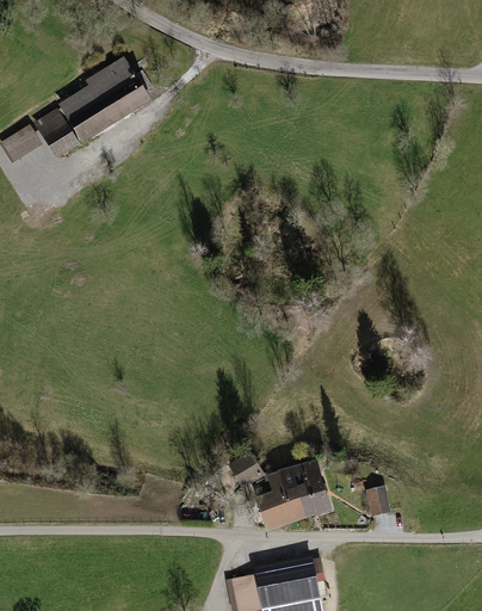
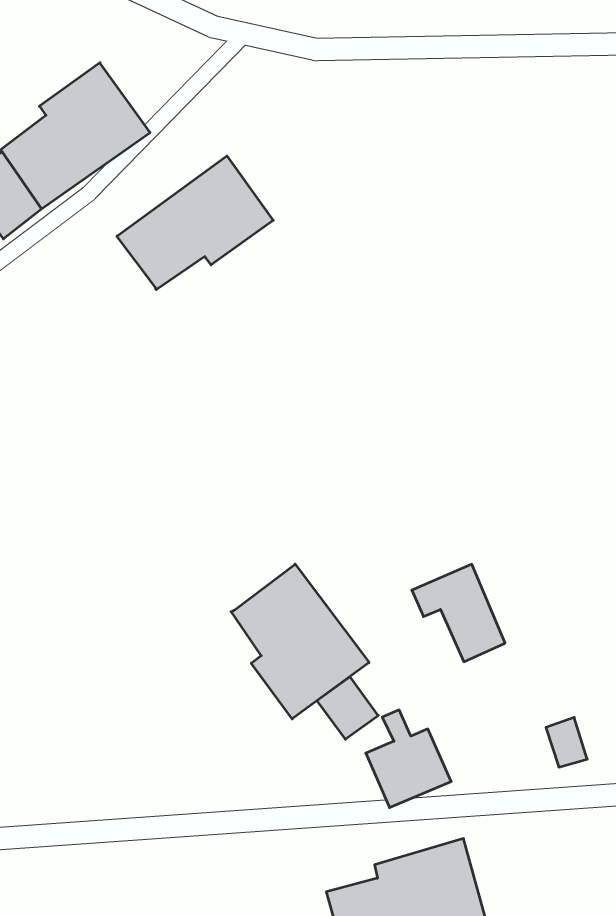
building: none -> [117,156,273,290]
building: none -> [231,564,369,719]
building: [277,457,332,517] -> [412,564,505,662]

